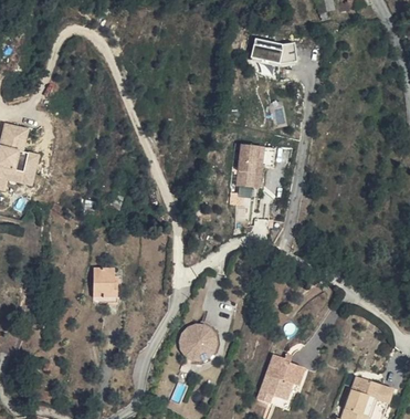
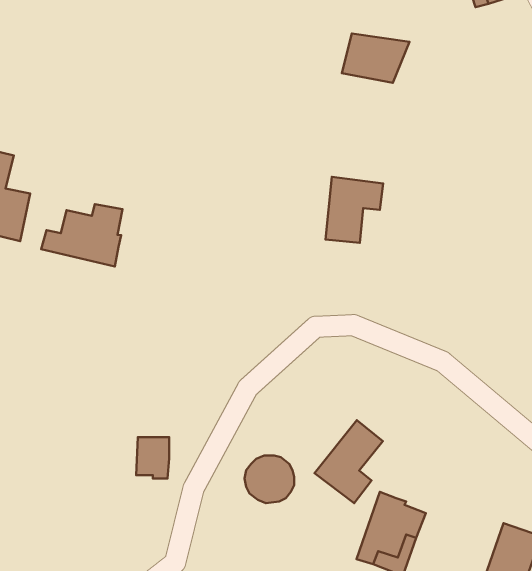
building: none -> [41,204,123,267]
building: [94,268,116,295] -> [136,437,169,478]
building: none -> [314,420,383,503]

